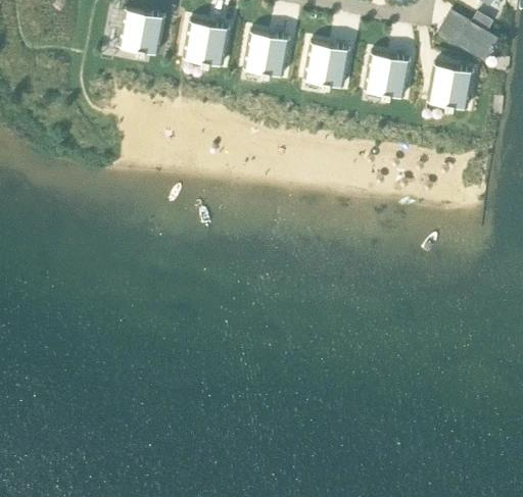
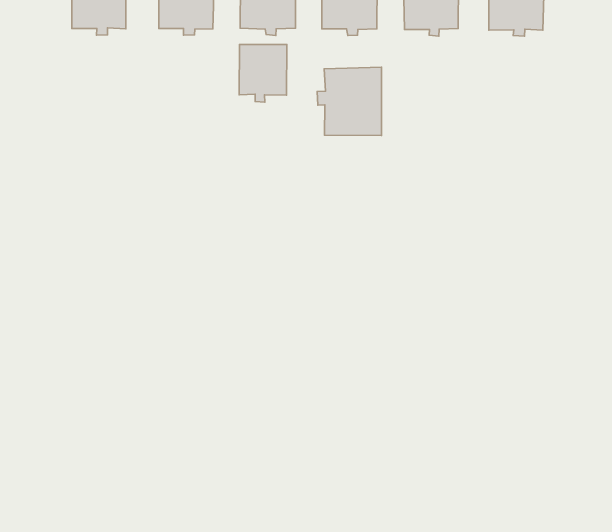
building: none -> [239,44,287,102]
building: none -> [317,67,382,135]

